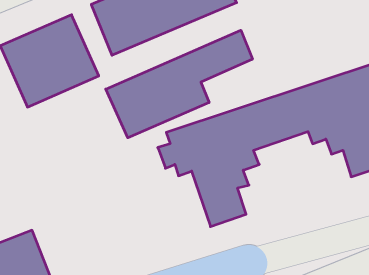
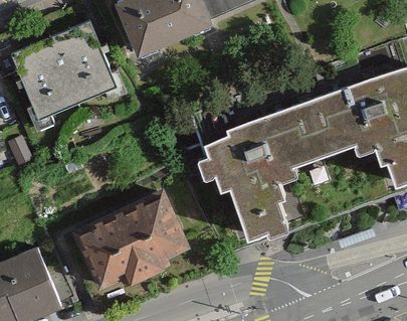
building: [106,30,252,138] -> none
building: none -> [69,185,191,290]

